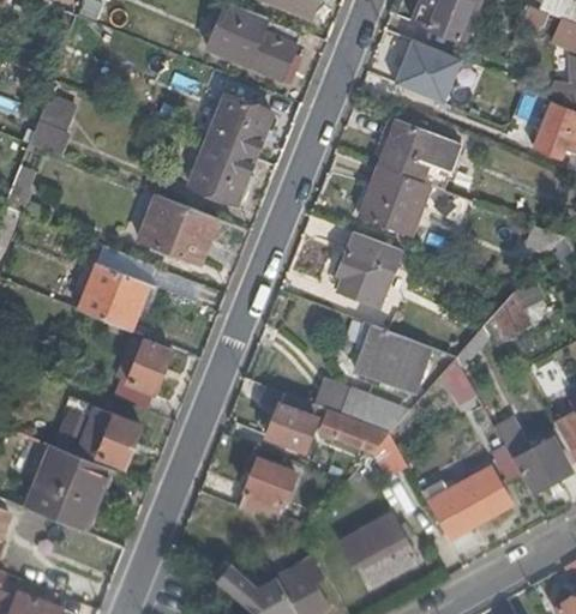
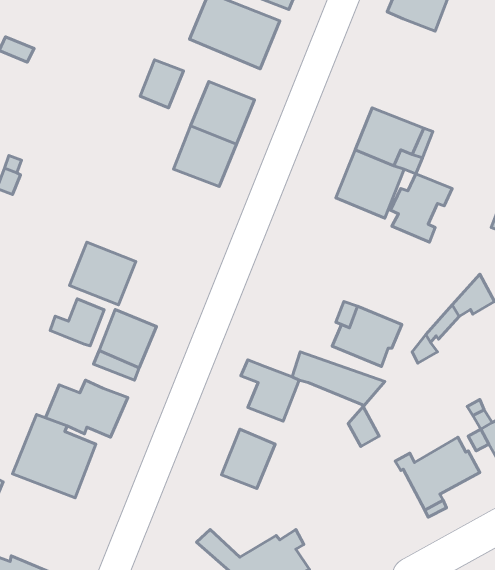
building: [394,40,460,102] -> none
building: none -> [140,60,184,108]
building: [28,91,77,157] -> none
building: [140,194,218,265] -> none
building: [336,236,401,308] -> [391,174,452,242]
building: none -> [50,299,104,346]
building: [322,410,389,457] -> none
building: [341,514,415,583] -> none

